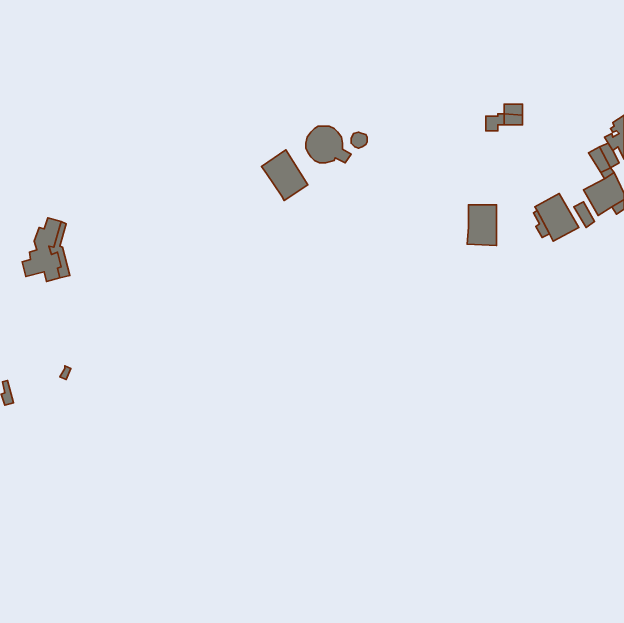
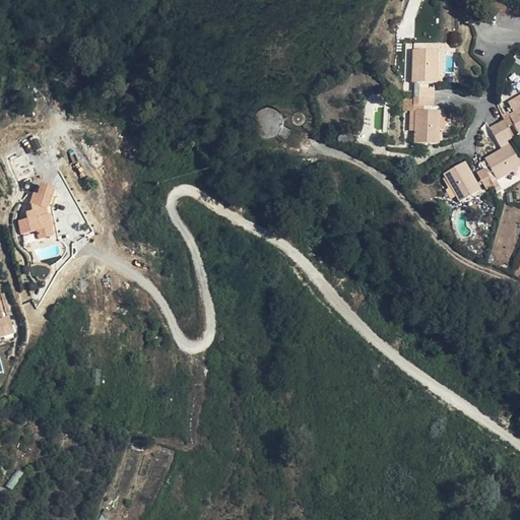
building: none -> [412,48,437,81]
building: [262,150,308,200] -> none
building: [467,205,497,245] -> [414,109,439,142]

